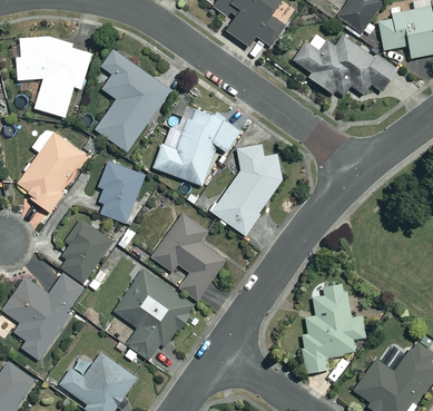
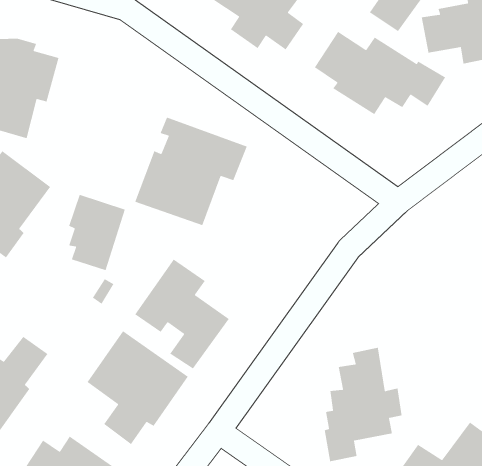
building: [95,50,169,151] -> none
building: [211,145,282,235] -> none
building: [60,219,110,283] -> none

